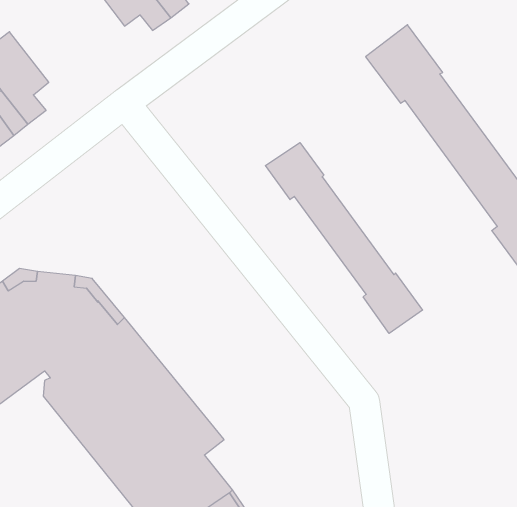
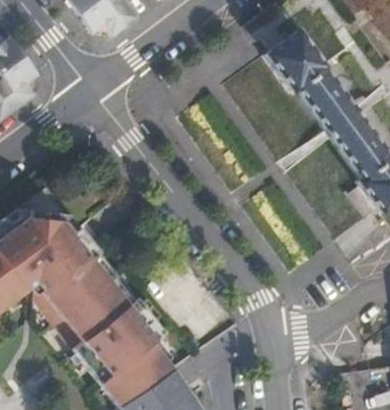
building: [265,143,423,333] -> none

